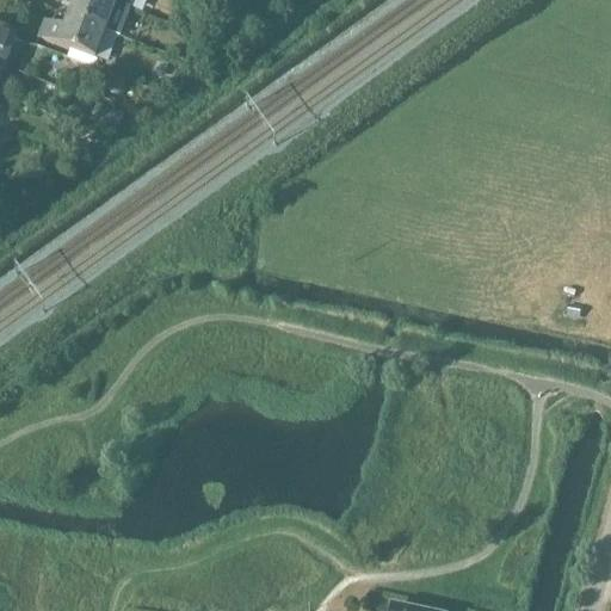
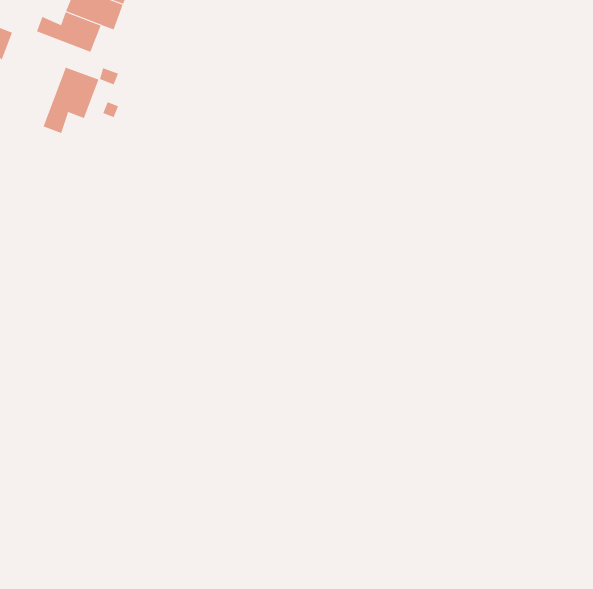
building: none -> [43,67,99,134]

